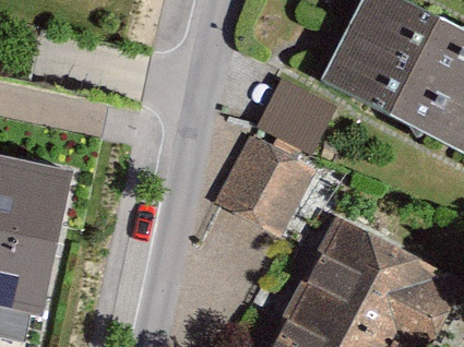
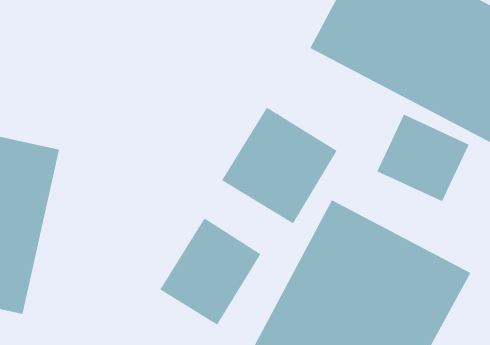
building: [260,77,343,156] -> [377,114,470,202]
building: none -> [159,218,261,326]

